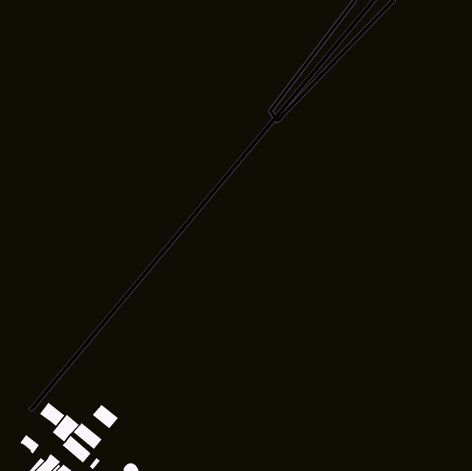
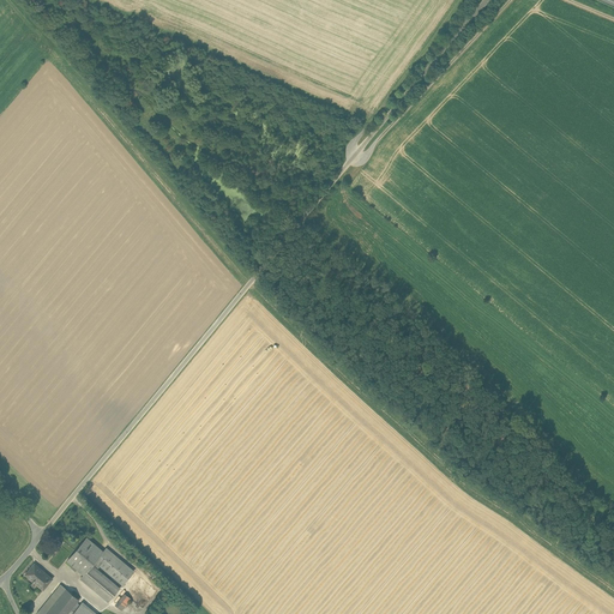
building: [39,402,65,427] -> none
building: [92,404,119,429] -> none

